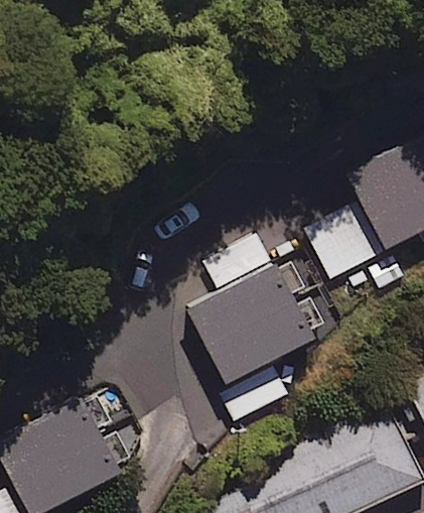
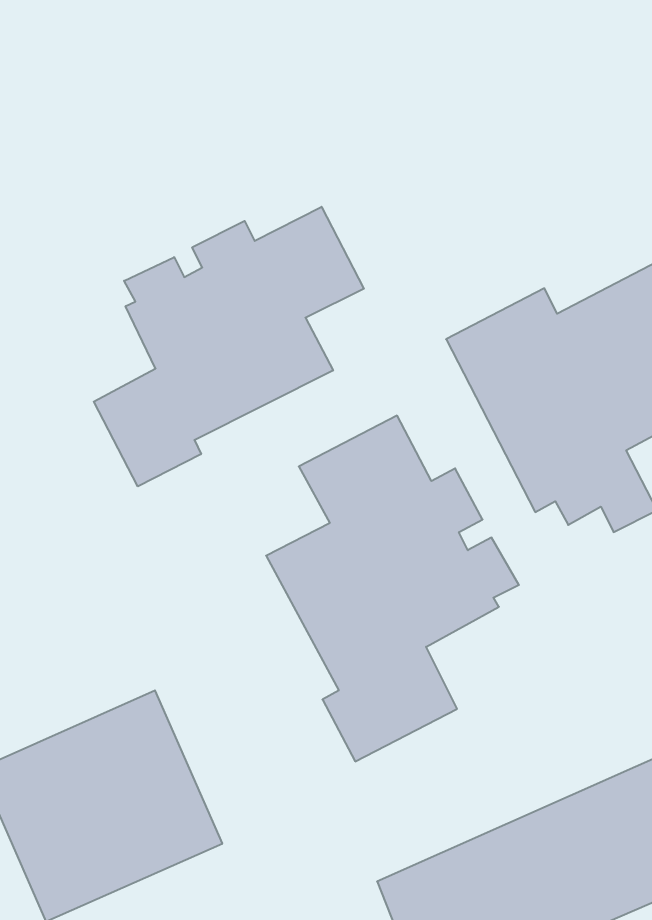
building: none -> [94,207,364,486]

